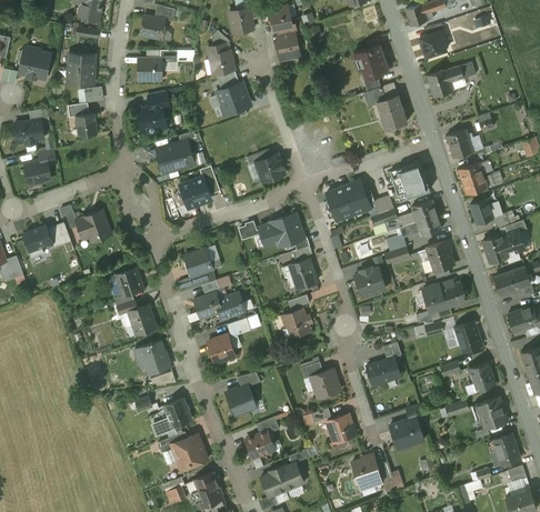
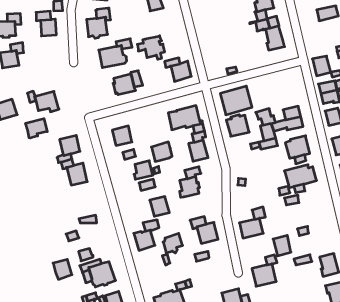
building: [427,70,452,98] -> none
building: [211,84,249,117] -> [137,36,165,59]
building: [389,162,429,202] -> none
building: none -> [26,119,47,138]
building: [353,268,386,298] -> [226,115,249,136]
building: [193,292,222,320] -> [151,142,172,161]
building: [454,322,482,353] -> none
building: [207,335,234,363] -> [150,197,169,216]
building: [136,341,170,374] -> none
building: [468,362,493,391] -> [273,235,291,256]
building: [163,400,190,428] -> [53,259,72,279]
building: [327,415,354,442] -> none
building: [247,431,273,459] -> [163,233,183,253]

